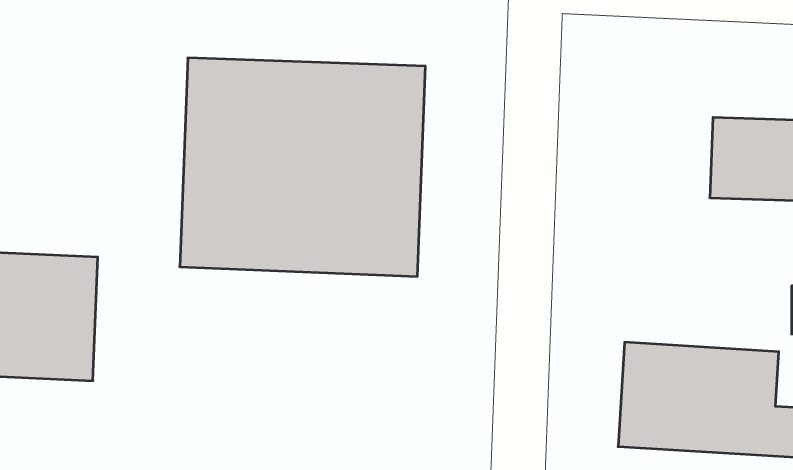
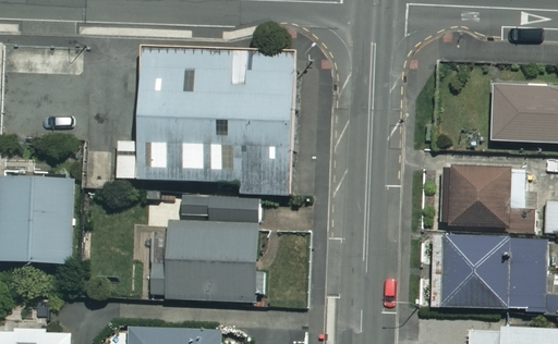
building: none -> [442,167,525,234]
building: none -> [150,221,257,299]

